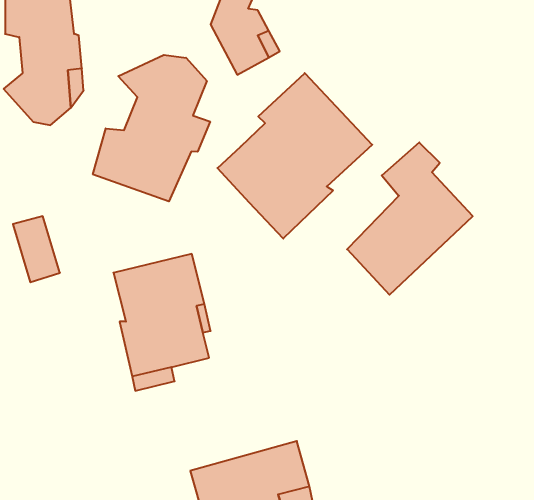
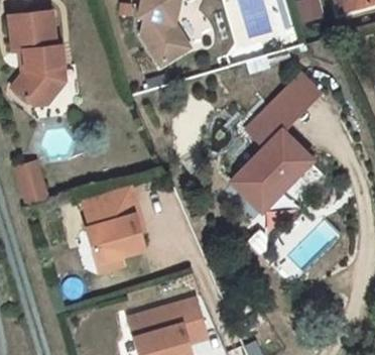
building: [93,55,210,201] -> none
building: [217,73,372,239] -> none
building: none -> [272,72,324,124]

